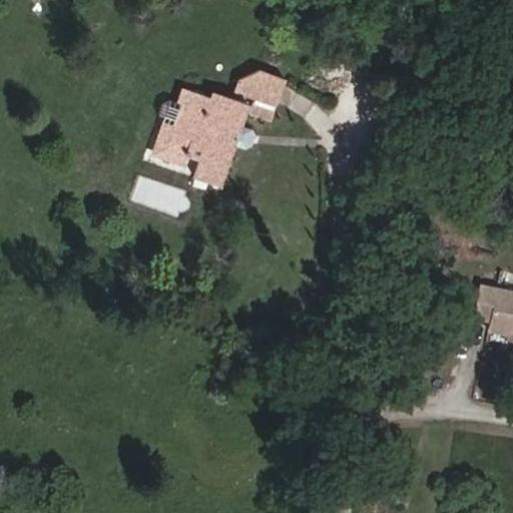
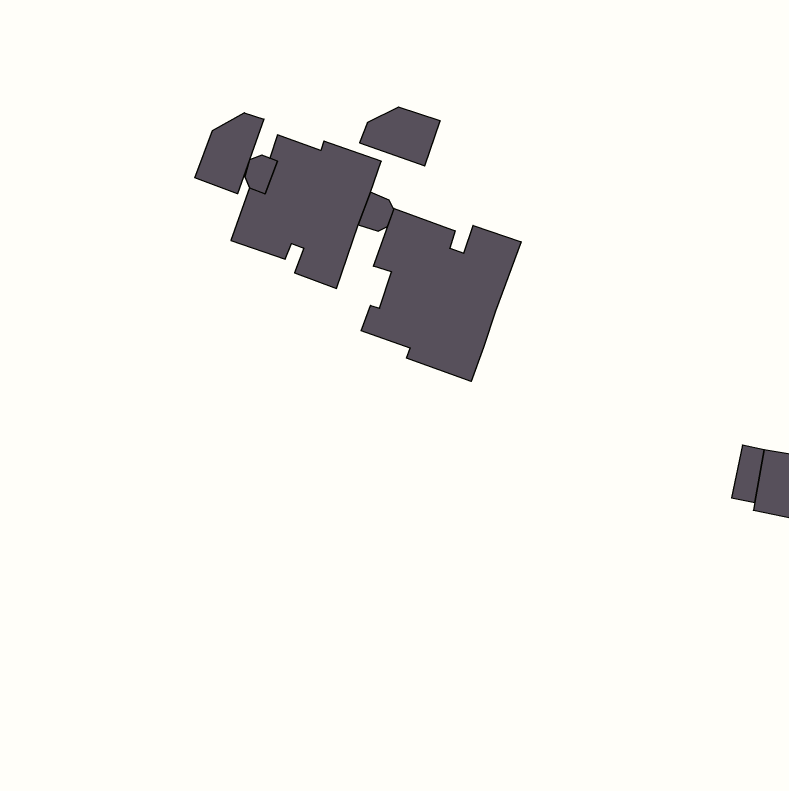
building: none -> [195,113,264,194]
building: none -> [361,208,521,381]

